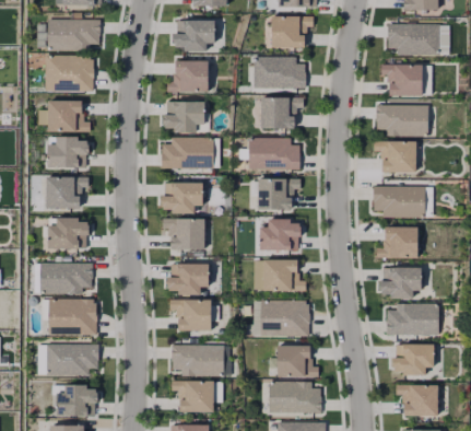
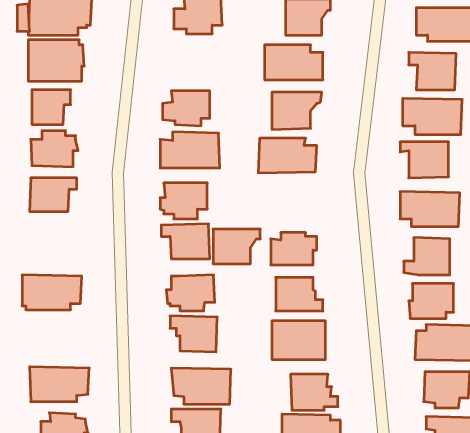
building: [175,58,209,90] -> none
building: [258,183,299,213] -> [213,229,260,264]
building: [48,217,91,246] -> none
building: [49,298,97,334] -> none

